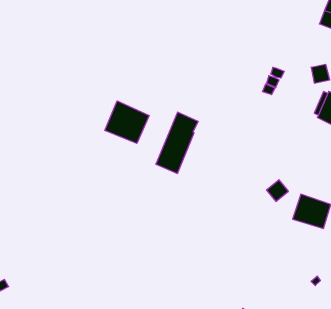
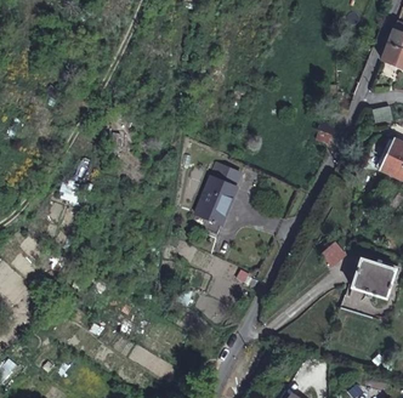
building: [105,101,149,143] -> none

